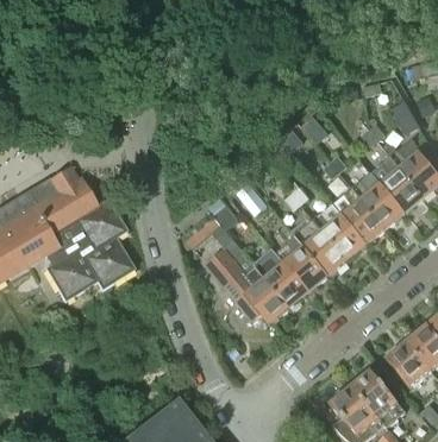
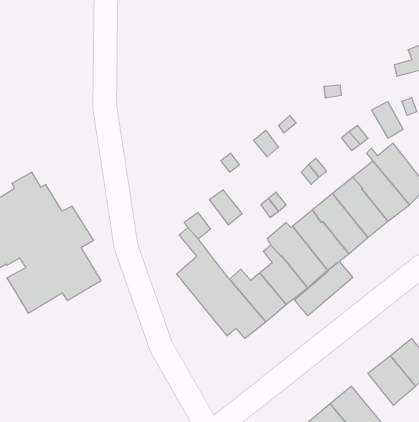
building: none -> [294,261,353,316]

